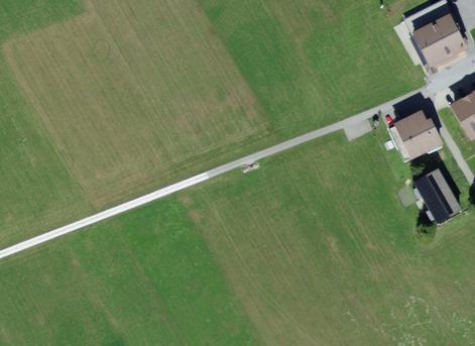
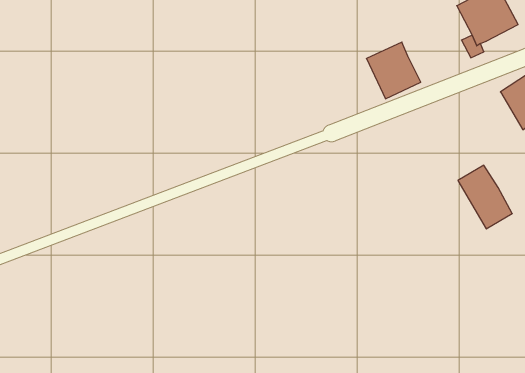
building: [394,109,441,157] -> [366,42,421,99]

